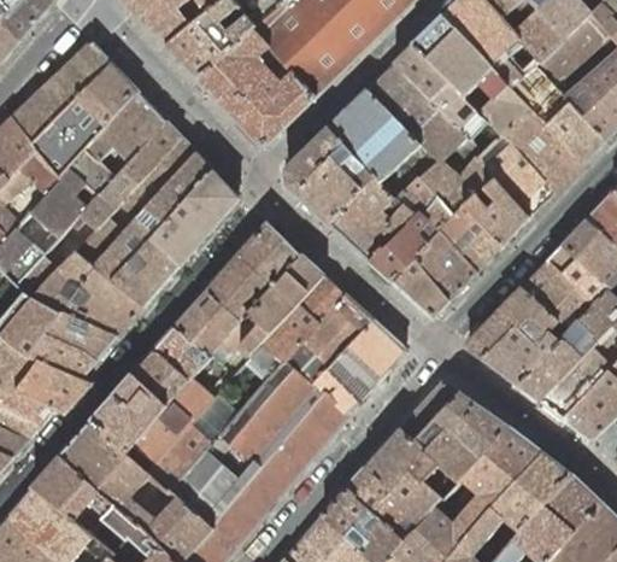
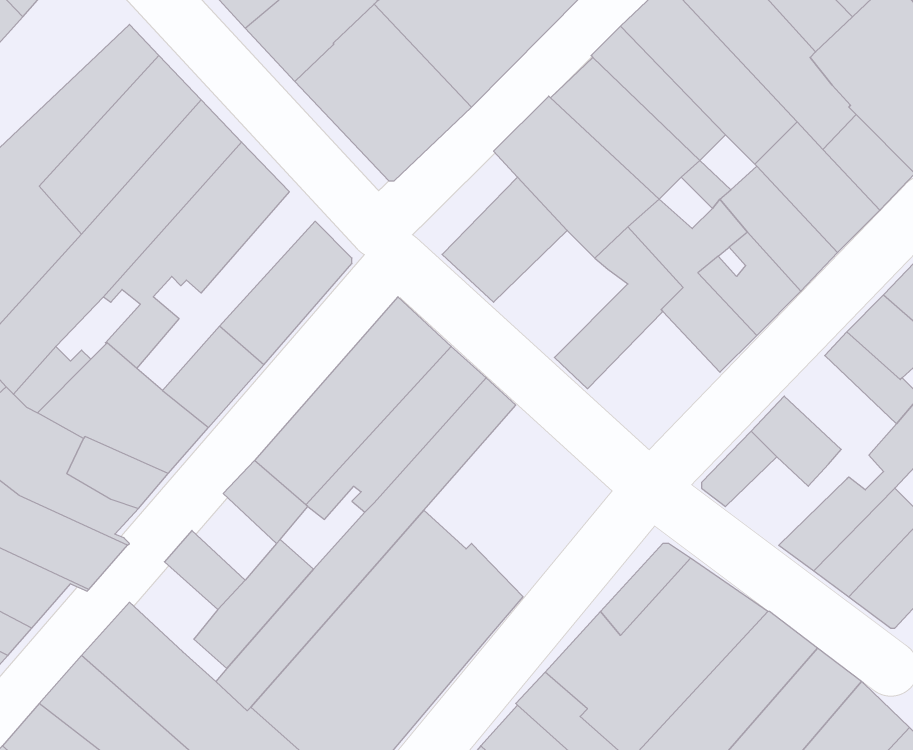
building: [286,125,346,193] -> none
building: [96,152,213,282] -> none
building: [330,177,418,260] -> none
building: [392,230,478,317] -> none
building: [521,259,594,330] -> none
building: [284,292,405,417] -> none
building: [482,326,562,384] -> none
building: [133,350,188,406] -> none
building: [92,394,149,453] -> none

